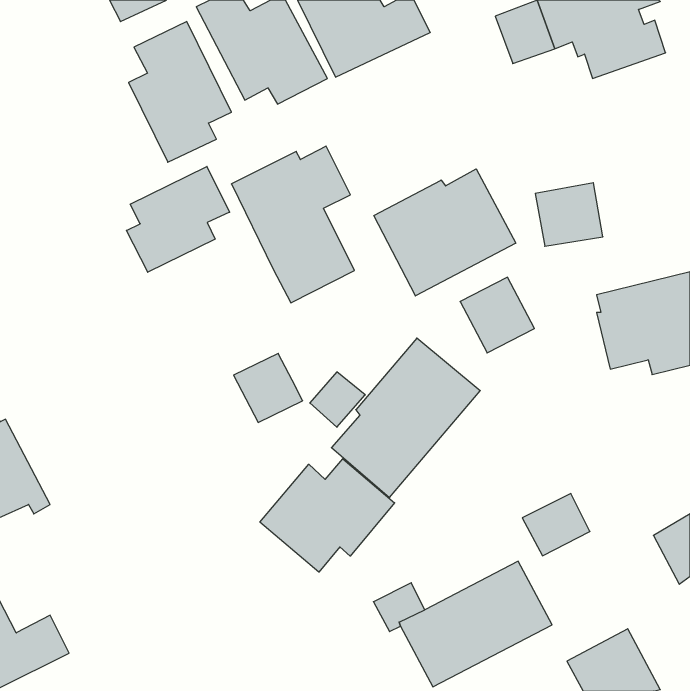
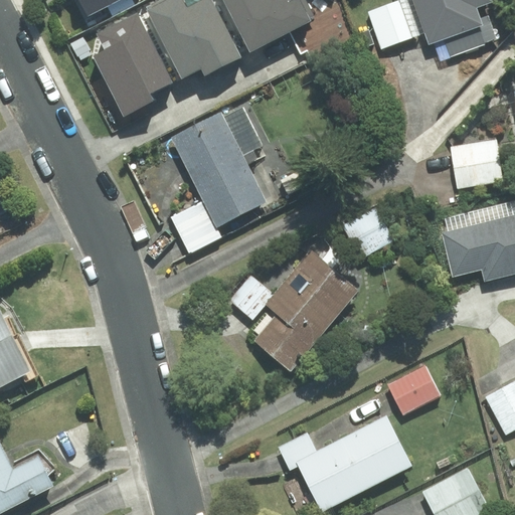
building: [126,166,230,272] -> none
building: [374,169,516,296] -> none
building: [535,183,603,246] -> [451,141,501,188]
building: [234,353,303,422] -> [170,200,221,251]
building: [260,459,395,572] -> none

